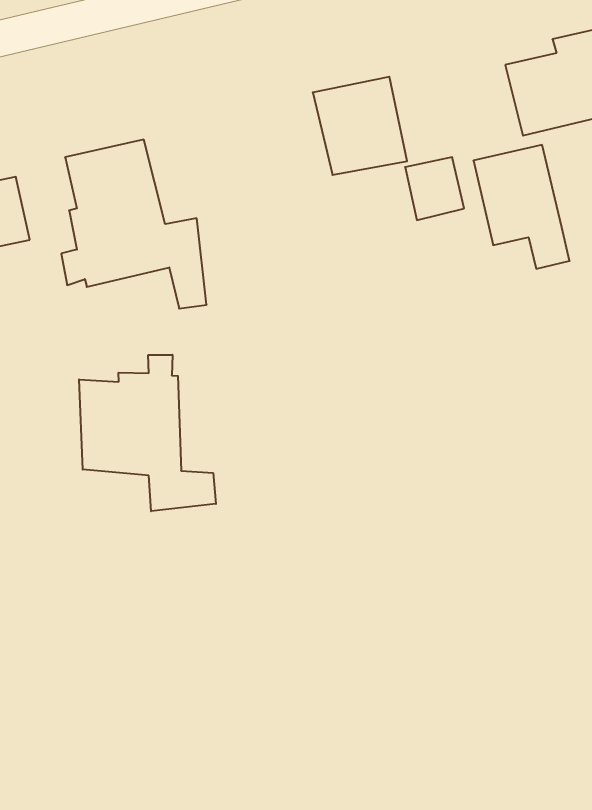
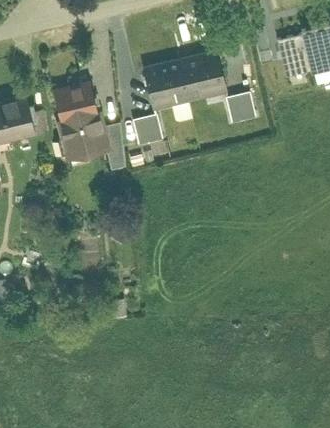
building: [473,145,570,269] -> [144,59,193,122]
building: none -> [131,114,163,145]
building: [79,355,216,511] -> none

